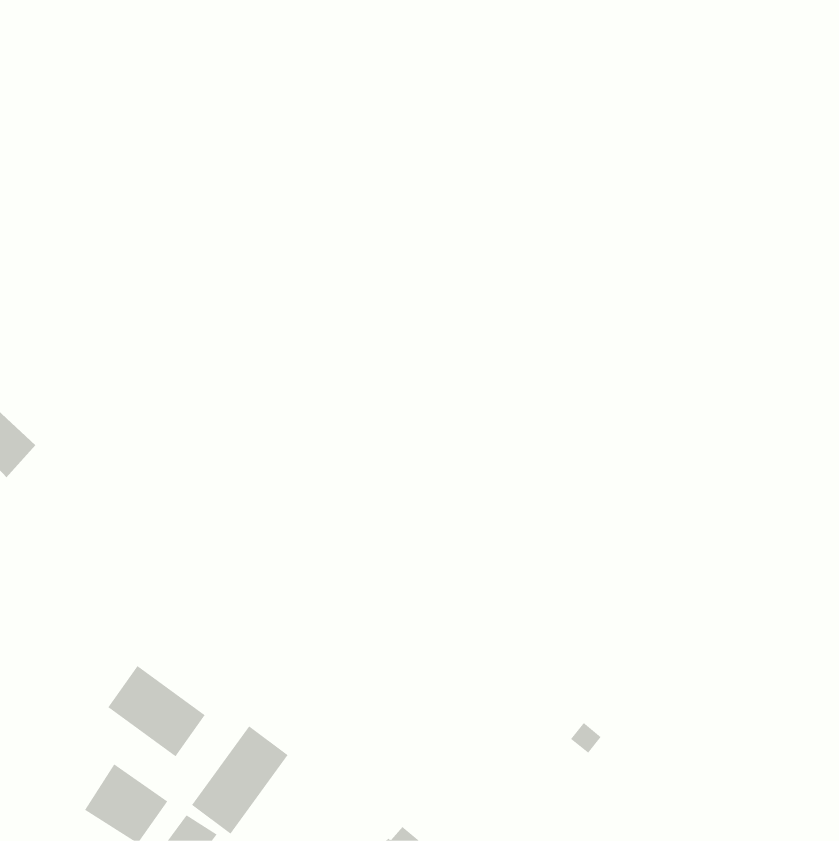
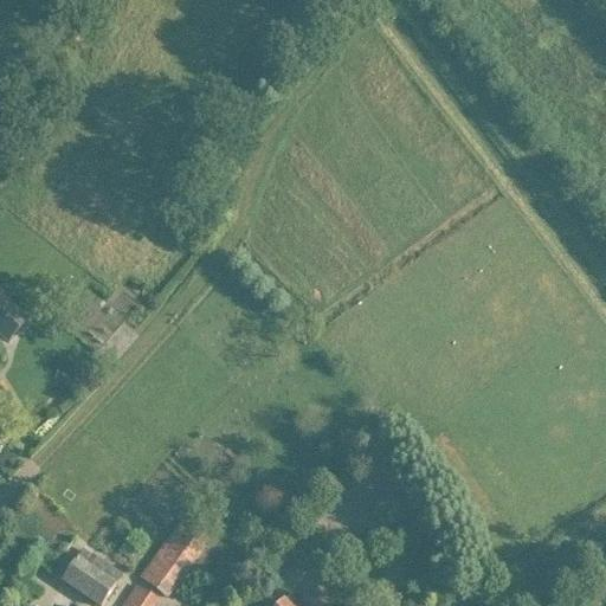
building: [107,665,206,757] -> none

